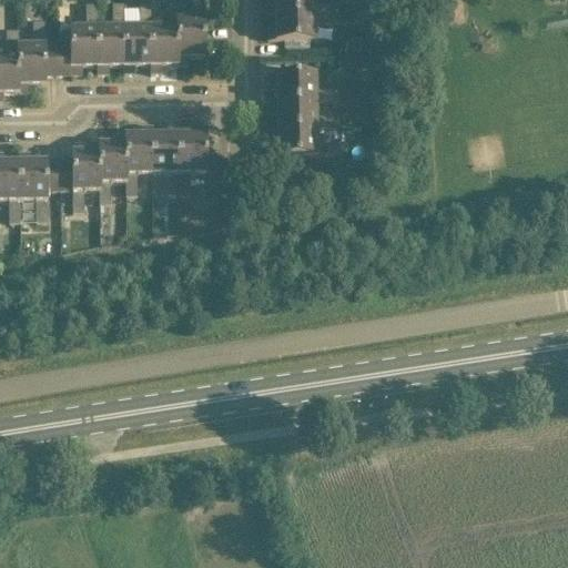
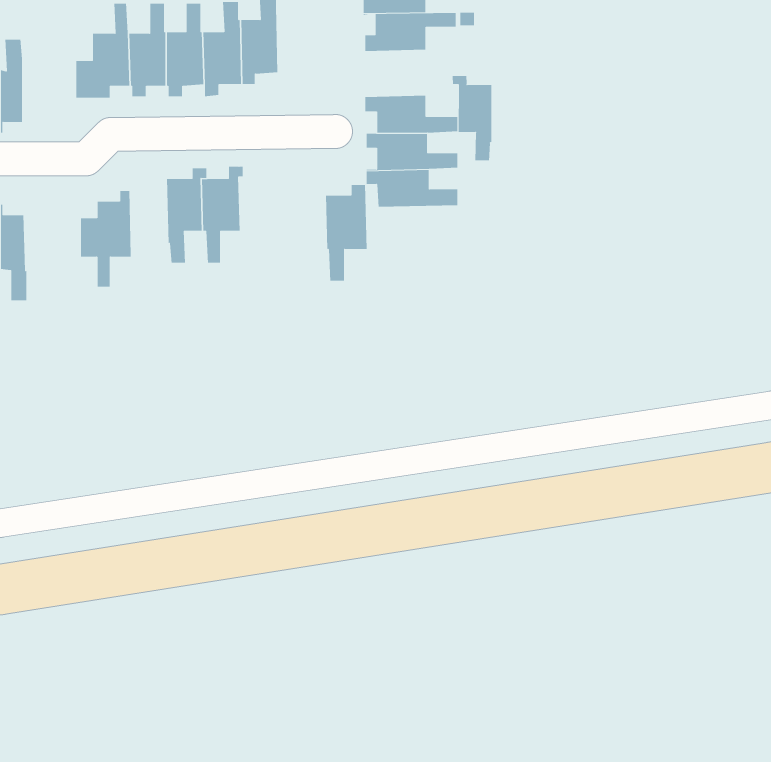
building: [18,20,57,90] -> none
building: none -> [452,75,492,161]
building: [176,122,207,193] -> [325,184,367,281]
building: [97,131,124,202] -> none
building: [19,150,60,220] -> none

